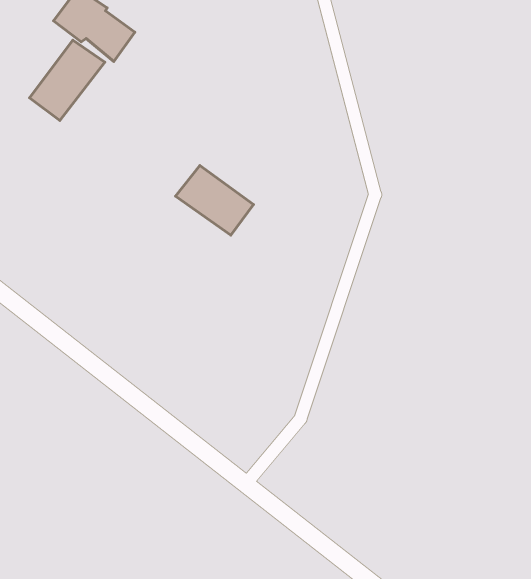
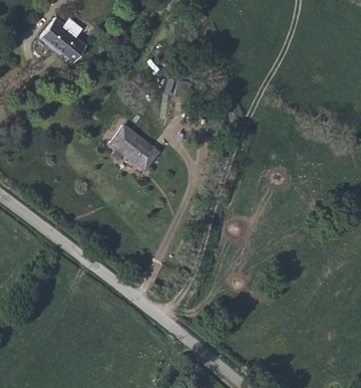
building: [29,40,105,120] -> none

